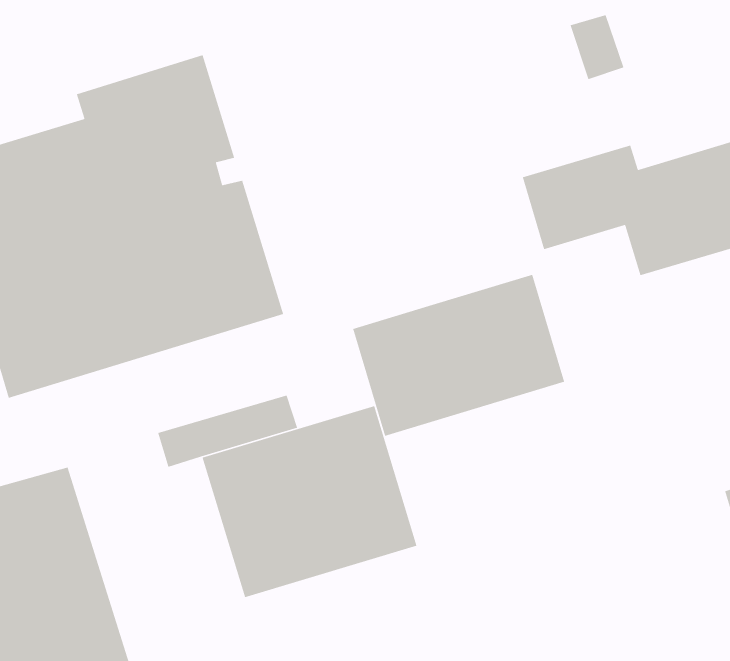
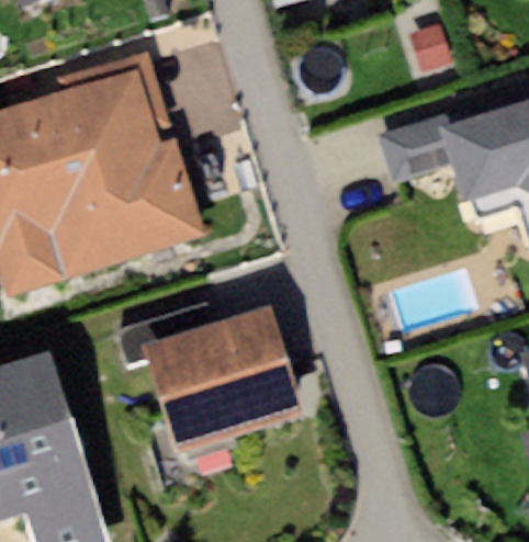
building: [352,274,565,437] -> none

